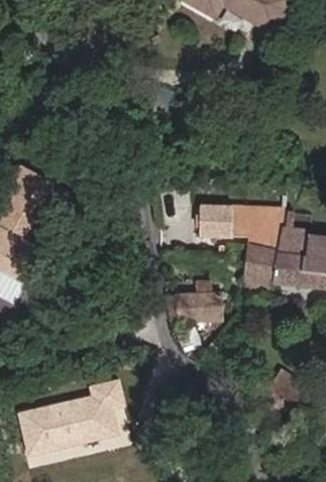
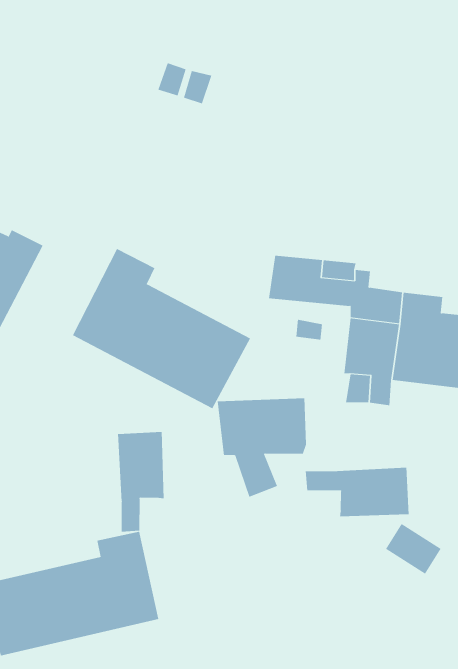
building: none -> [72,248,251,409]
building: none -> [118,431,164,533]
building: none -> [305,467,409,517]

